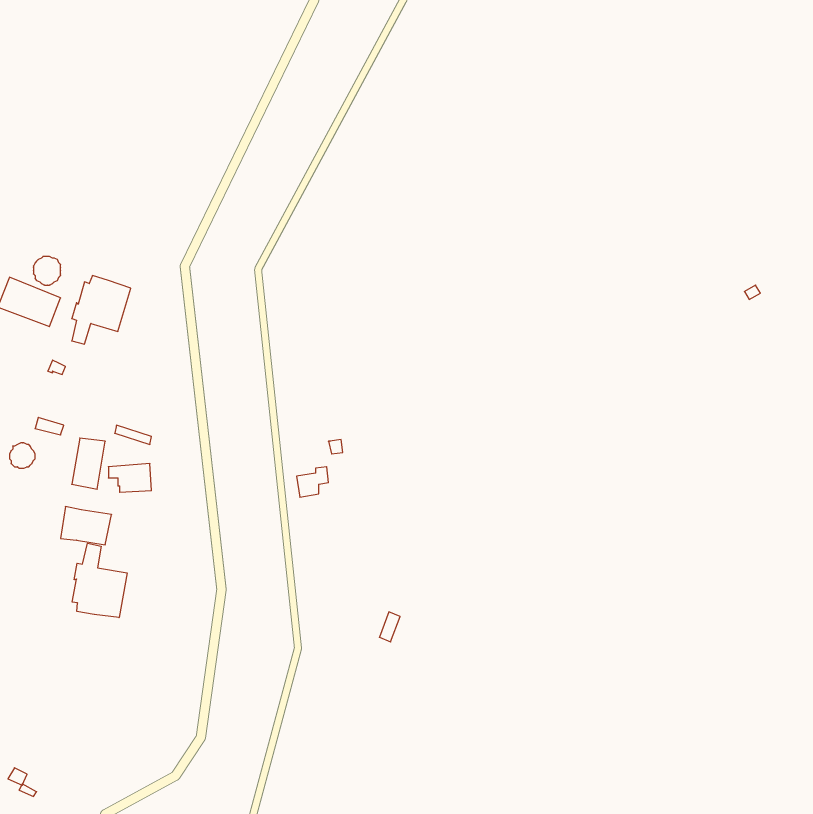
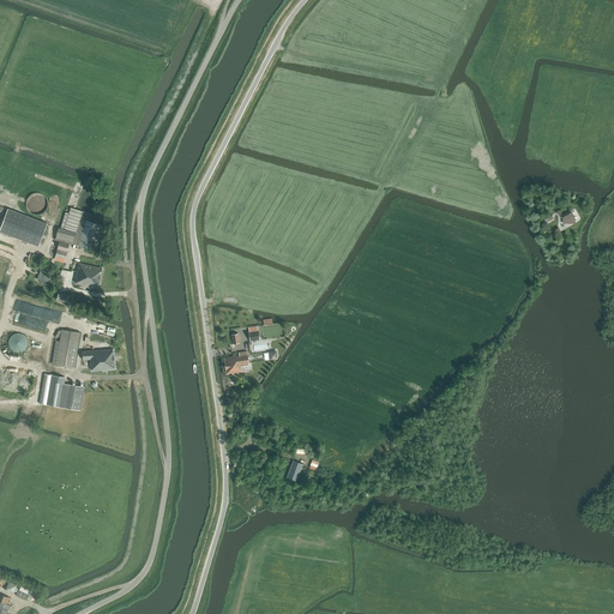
building: none -> [70,263,101,289]
building: [72,543,127,618] -> none

